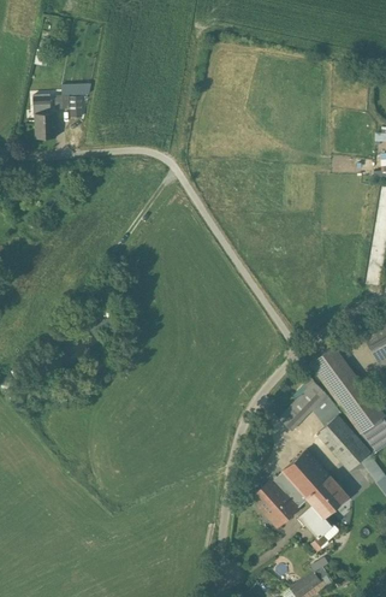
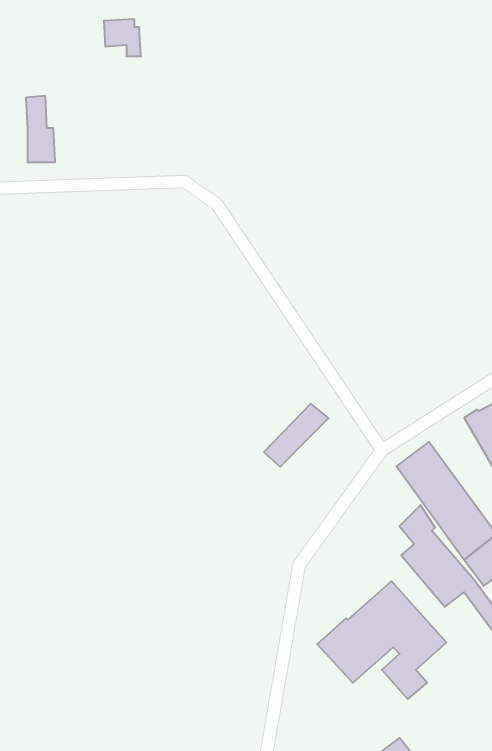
building: [54,90,82,118] -> [104,19,141,56]
building: [279,384,327,431] -> [264,404,329,467]

